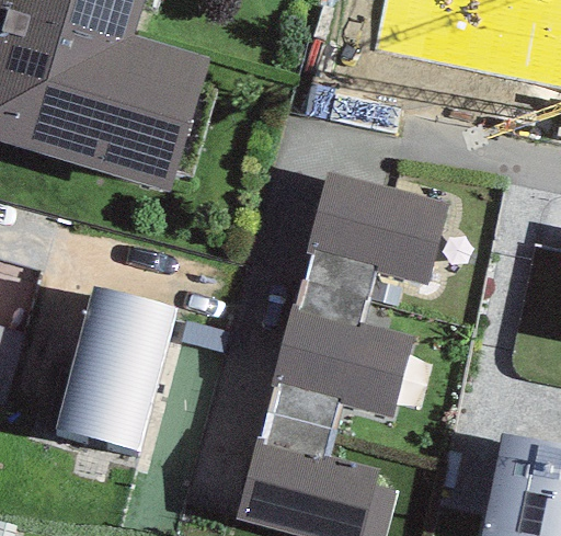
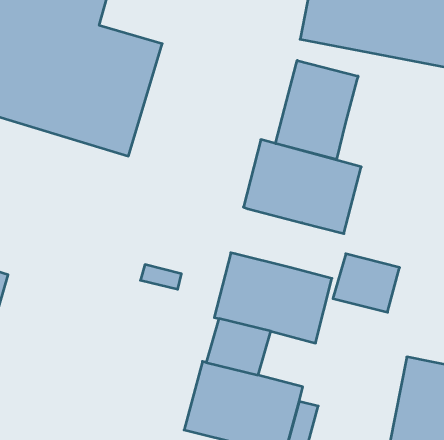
building: none -> [276,60,358,159]
building: [296,254,376,324] -> [333,254,400,312]
building: [55,287,175,451] -> none

